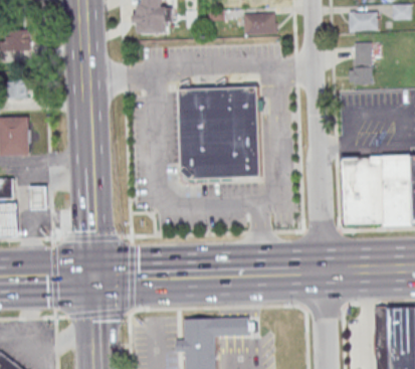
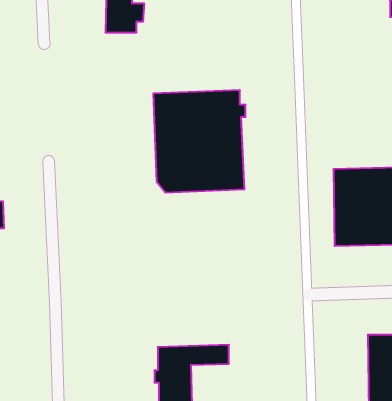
building: [348,12,377,30] -> none
building: [243,13,274,34] -> none
building: [350,42,371,85] -> none

